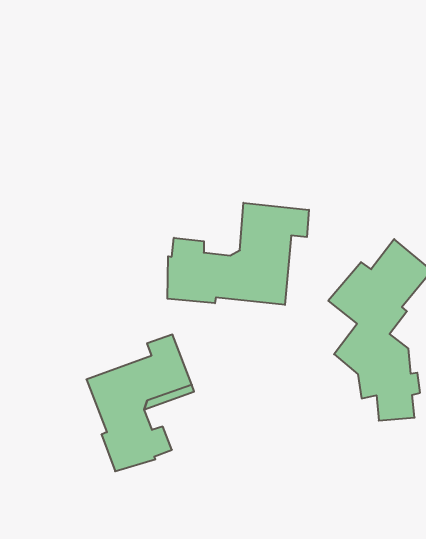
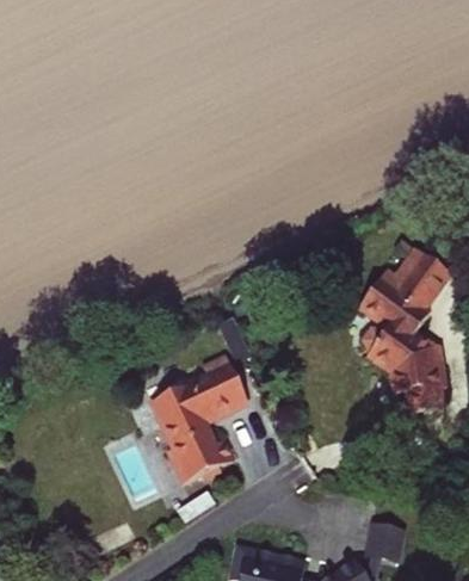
building: [167,203,309,305] -> none

